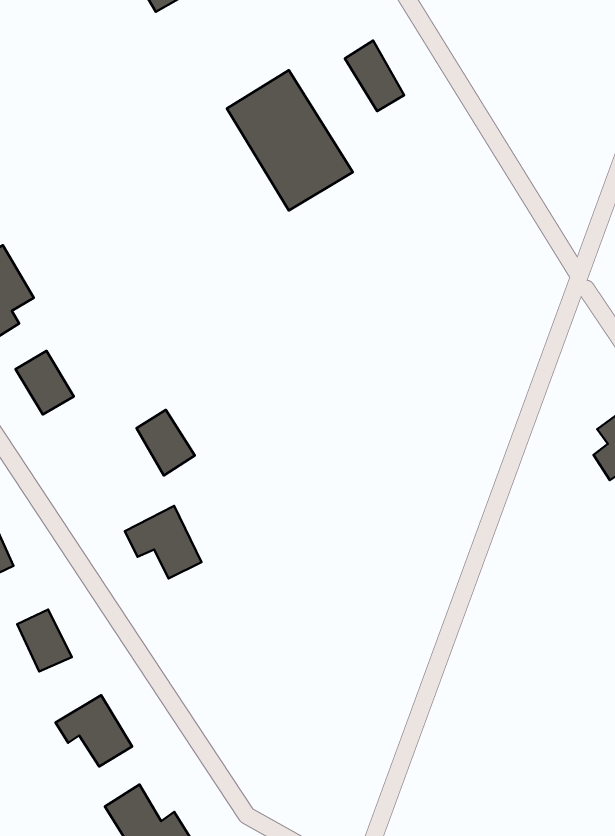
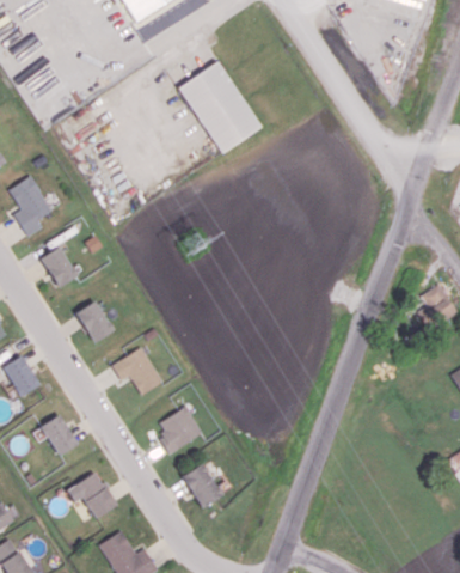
building: [345,41,404,111] -> none
building: [137,410,195,475] -> [75,300,114,343]
building: none -> [155,407,202,451]
building: none -> [182,463,222,507]

